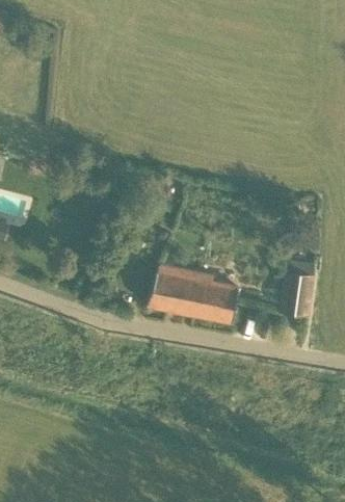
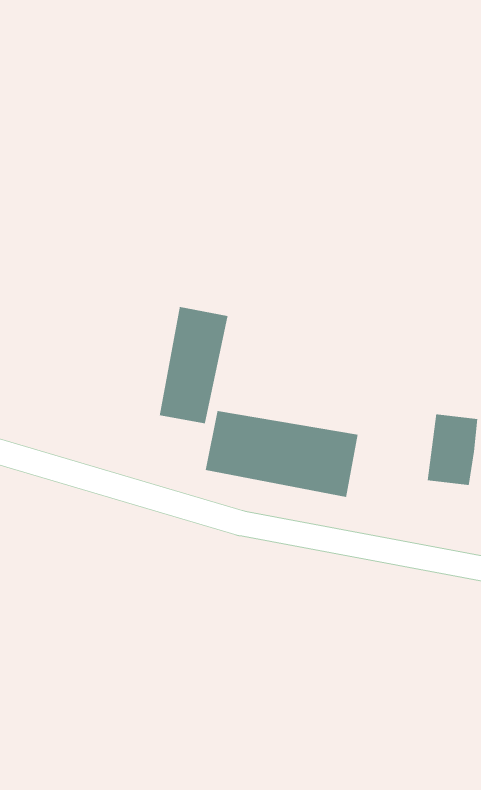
building: none -> [159,306,228,424]

